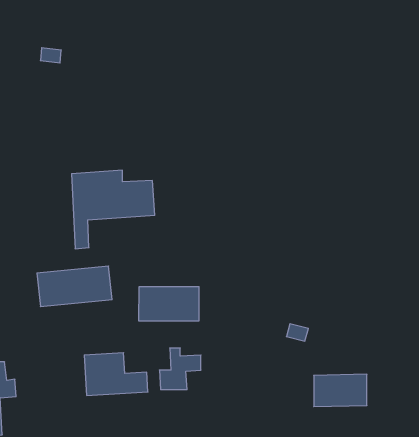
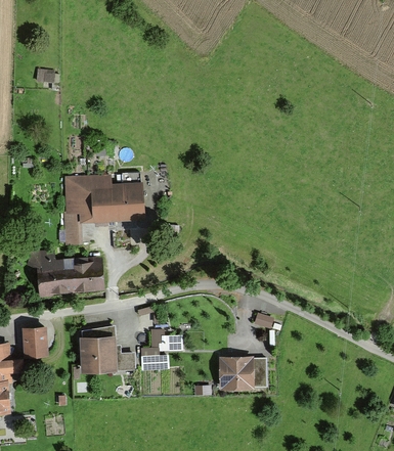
building: [139,287,199,321] -> none
building: none -> [20,326,45,361]
building: [314,374,367,407] -> [219,357,266,386]

